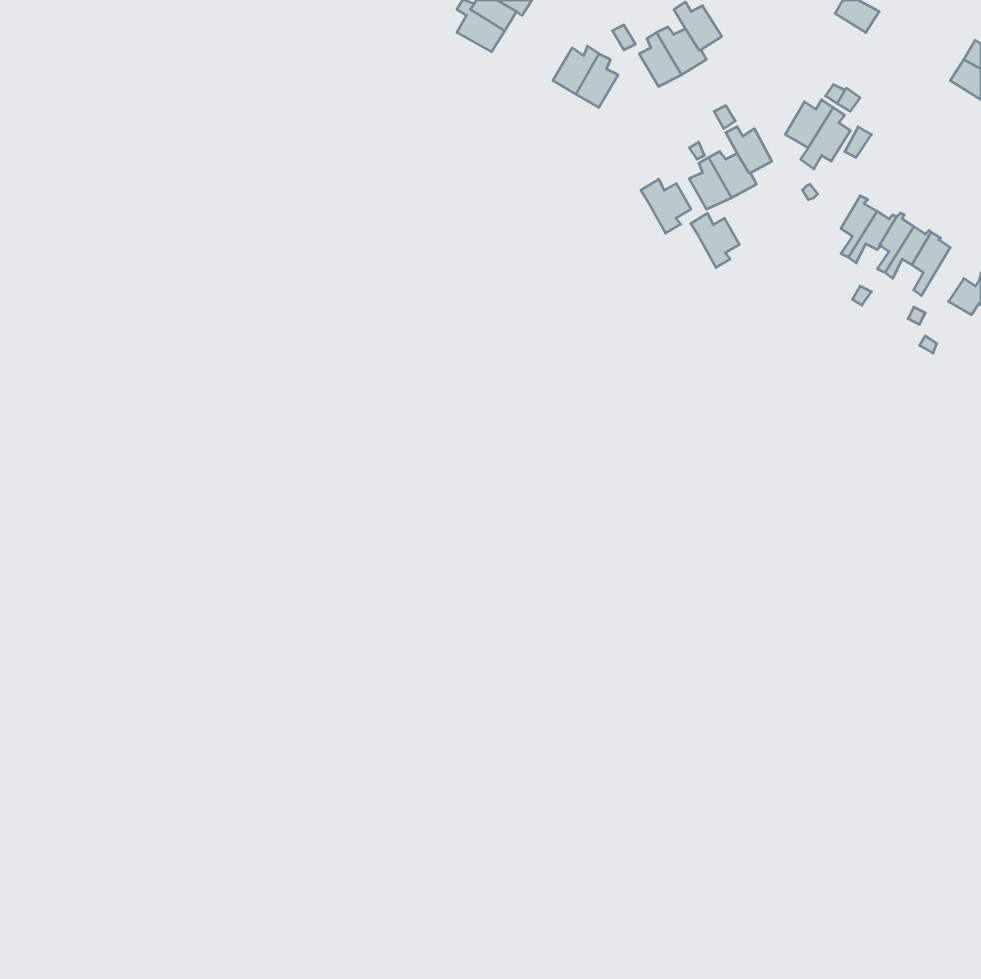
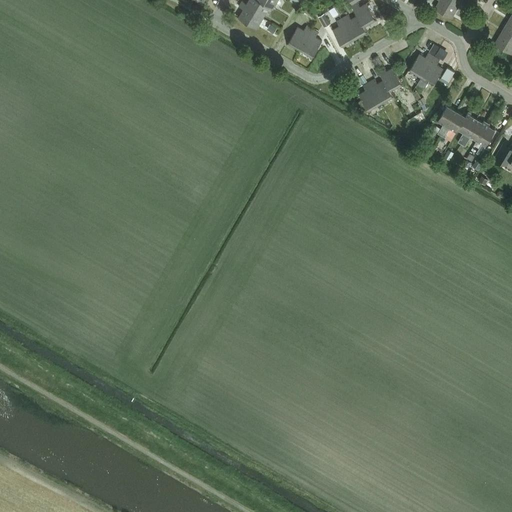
building: [641,179,691,233] -> none
building: [691,213,739,268] -> none

